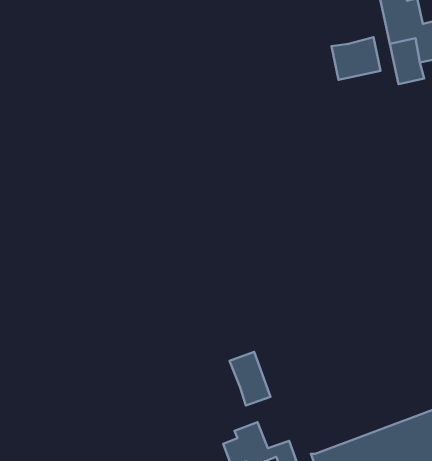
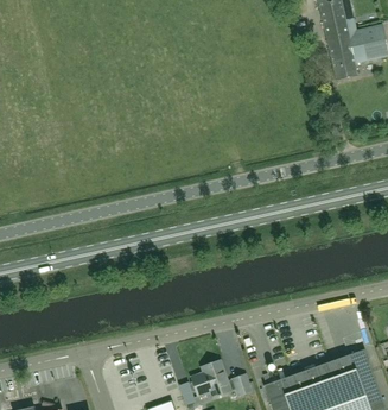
building: [332,37,380,80] -> none
building: [230,352,271,406] -> none

